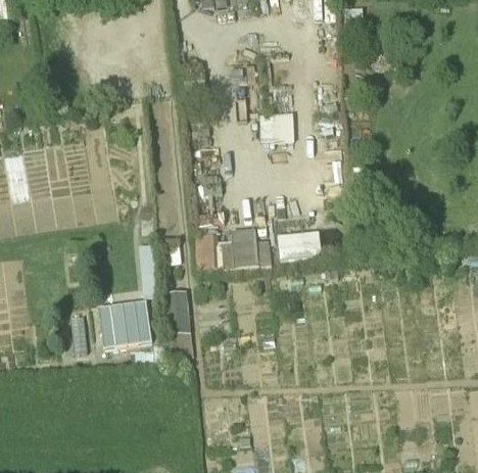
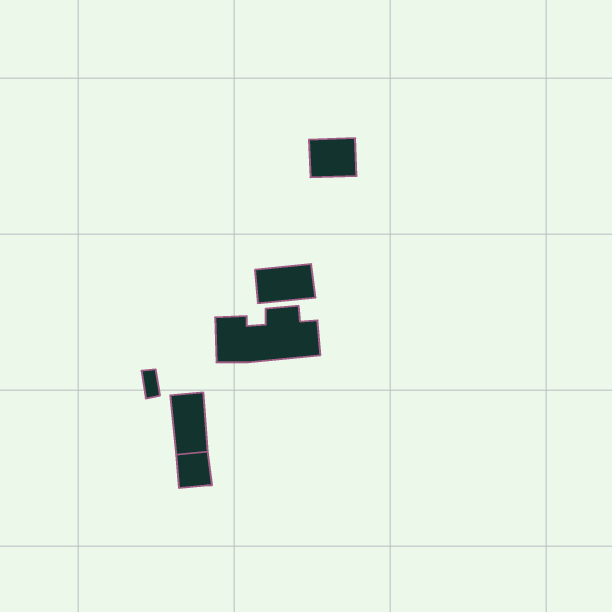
building: [278,231,321,258] -> [255,264,316,303]
building: [97,299,151,347] -> none

